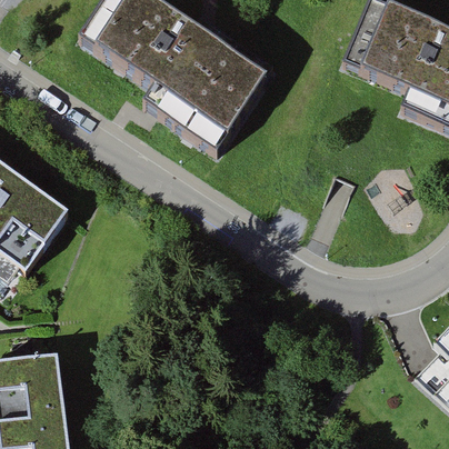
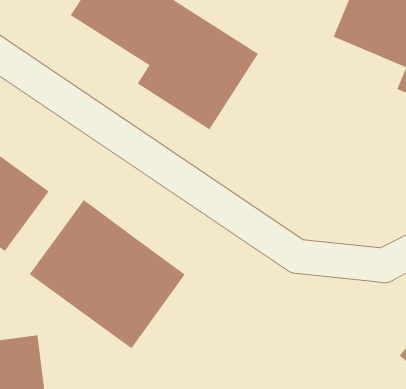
building: none -> [29,199,185,349]

